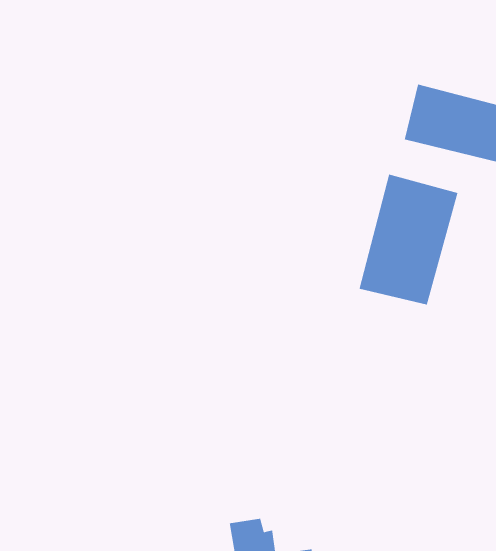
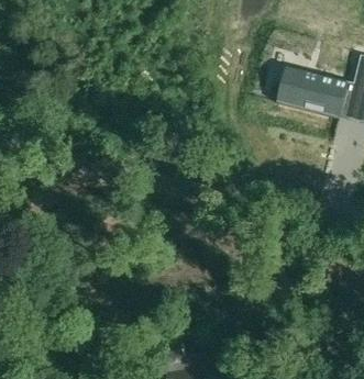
building: [359,173,458,306] -> none

